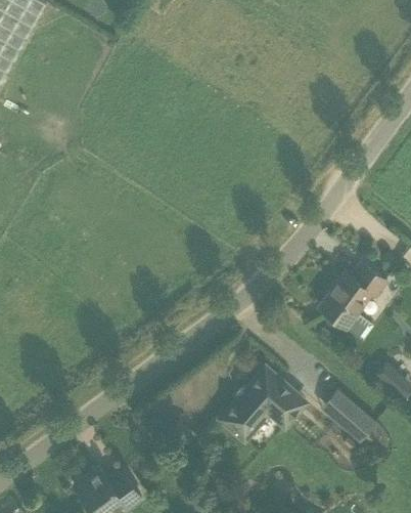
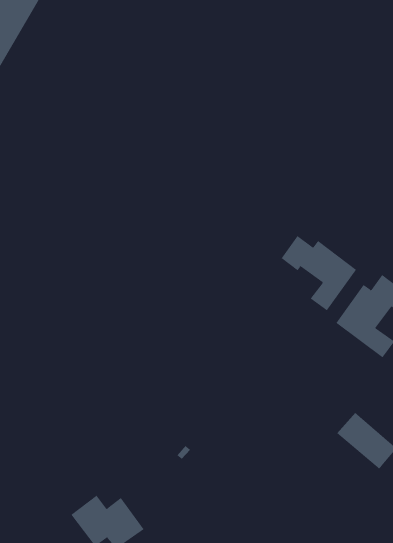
building: none -> [281,235,357,311]
building: [221,367,304,436] -> none

